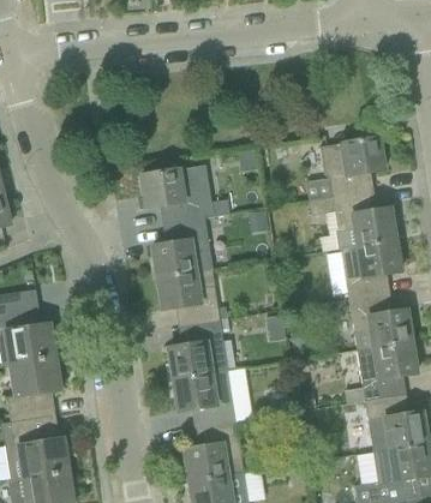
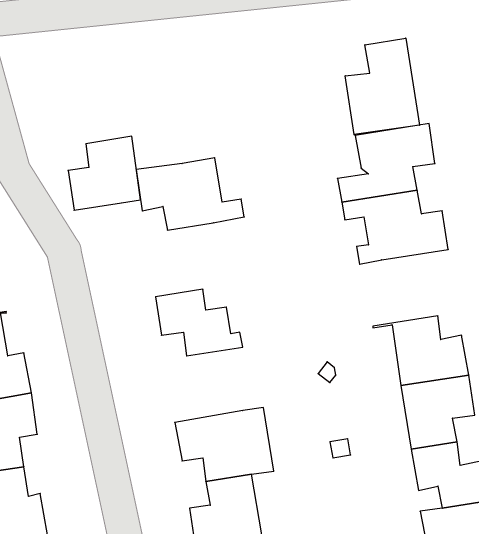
building: none -> [345,38,419,135]
building: [152,217,211,277] -> [68,136,141,210]
building: [327,239,400,299] -> none
building: [168,318,231,379] -> none

